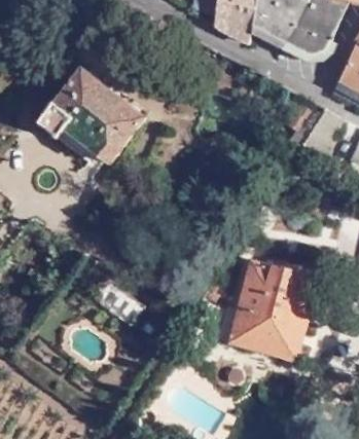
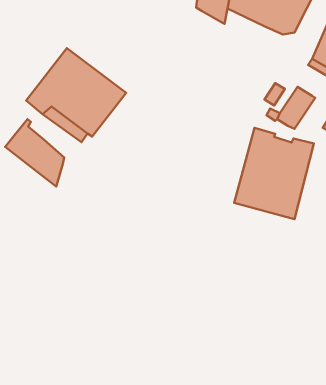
building: none -> [5,119,64,186]
building: [230,259,315,356] -> [234,128,314,219]

